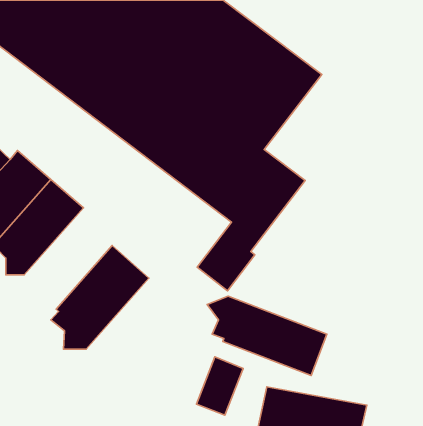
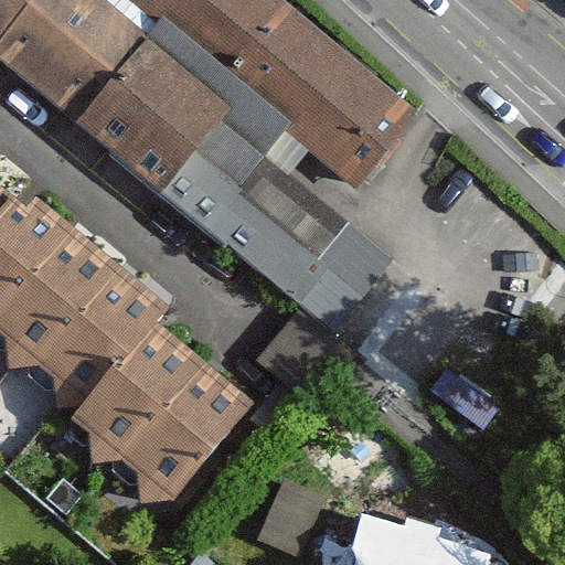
building: none -> [32,276,157,409]
building: none -> [114,369,246,507]
building: [207,296,327,376] -> none

